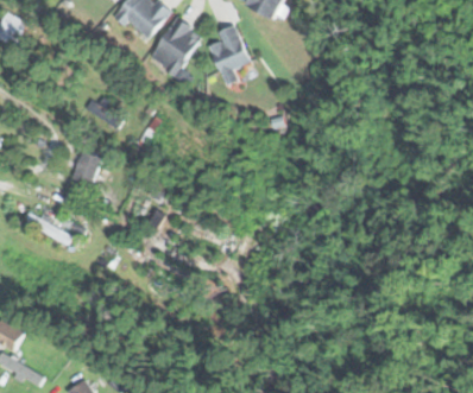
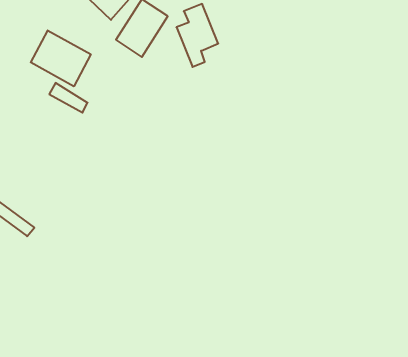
building: none -> [31,30,91,86]
building: [71,147,102,184] -> none

